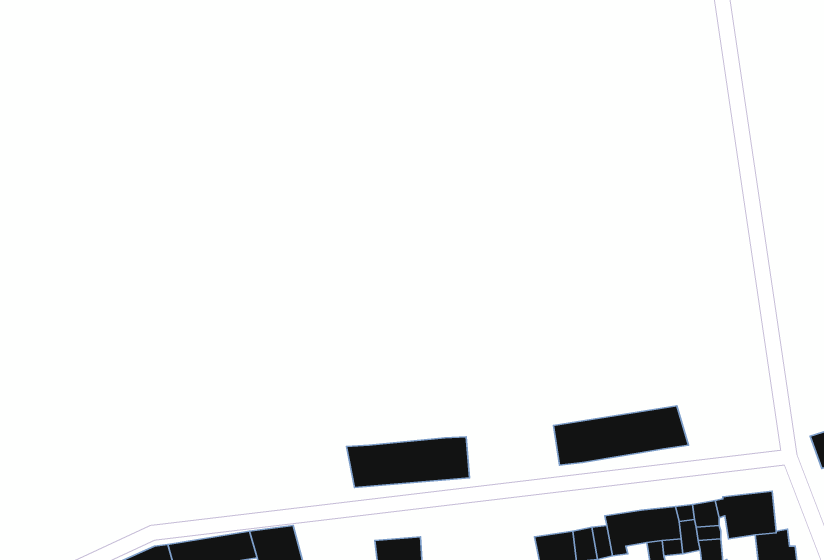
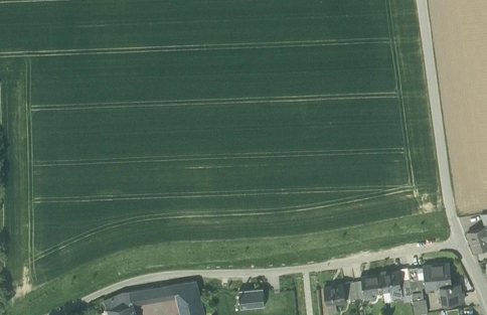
building: [553,406,688,465] -> none
building: [346,437,469,487] -> none

